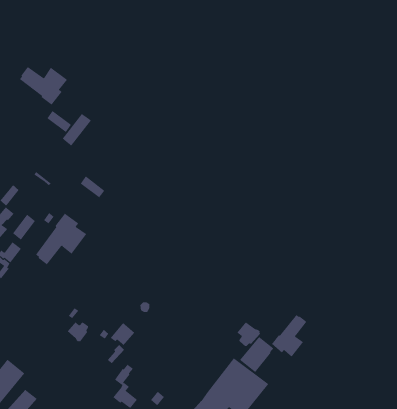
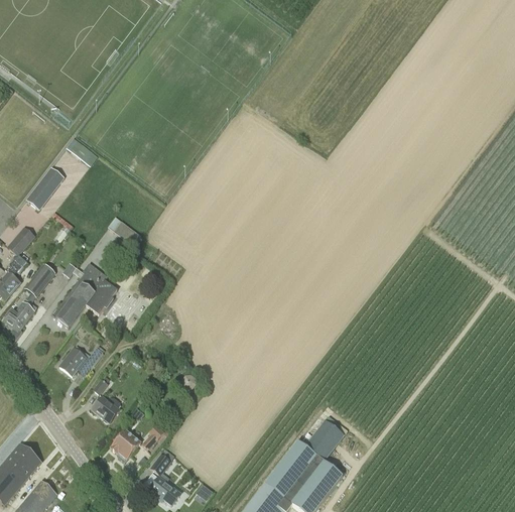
building: [19,66,68,106] -> none
building: [62,113,92,147] -> [27,168,65,210]
building: none -> [60,345,105,376]
building: [271,314,307,357] -> none
building: [237,321,260,347] -> none
building: [110,322,135,346] -> [110,429,141,459]

